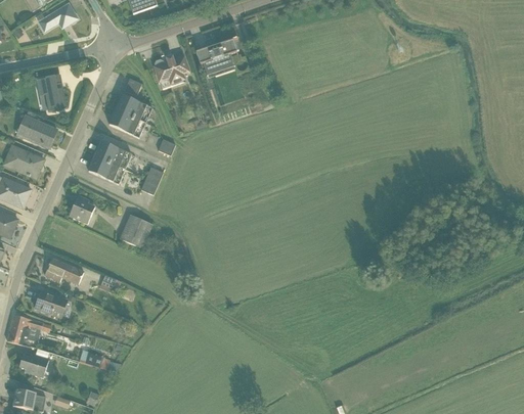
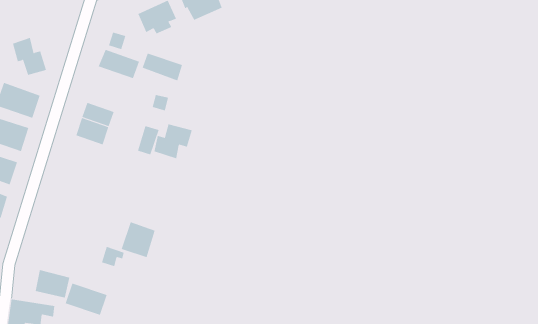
building: [106,107,144,136] -> [142,53,183,81]
building: none -> [154,124,192,159]
building: [66,194,96,225] -> none
building: [119,213,152,247] -> [121,222,156,258]
building: [44,256,84,288] -> [65,283,108,316]

